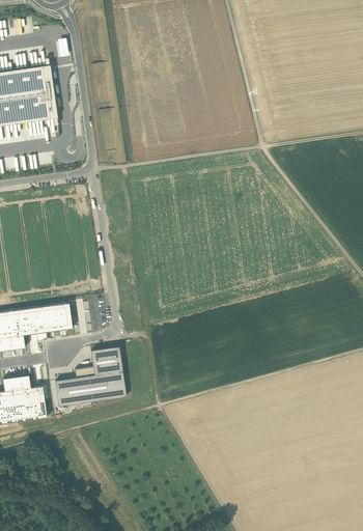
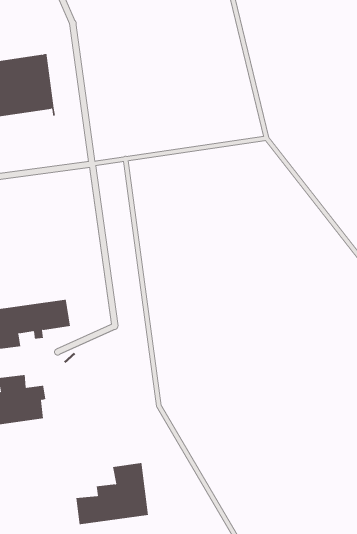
building: [55,345,125,406] -> [76,462,149,525]

